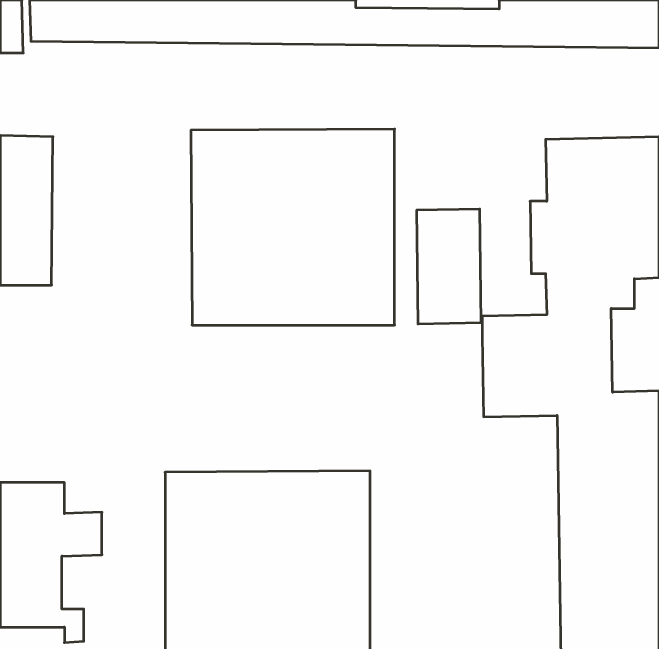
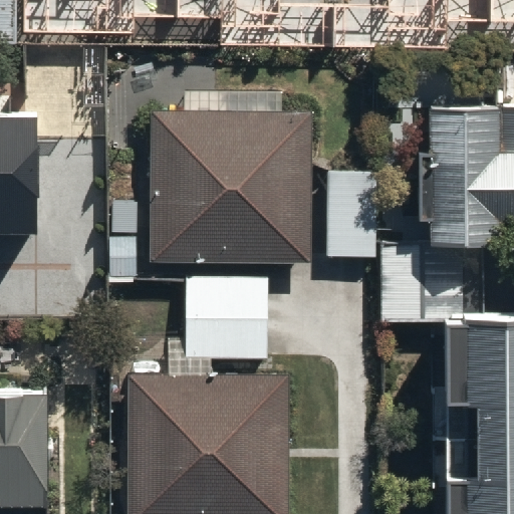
building: none -> [185,276,268,358]

